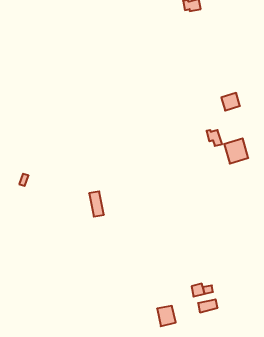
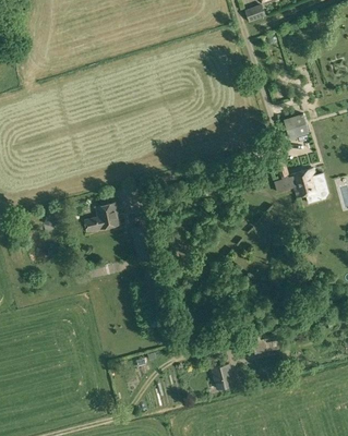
building: none -> [84,203,119,231]

